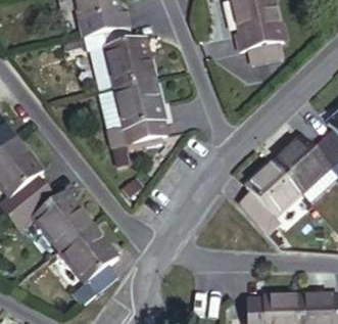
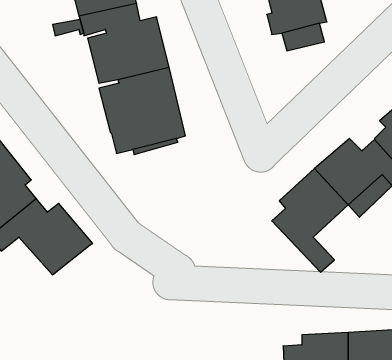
building: [58,223,119,305] -> none

